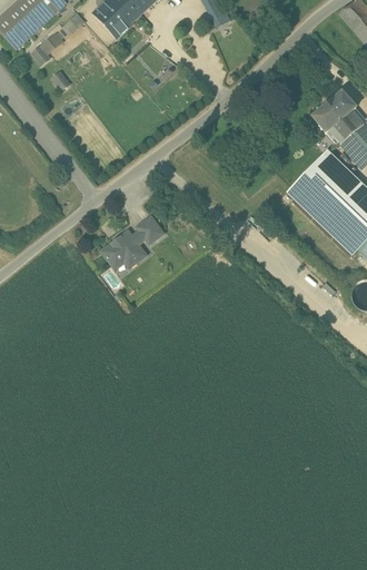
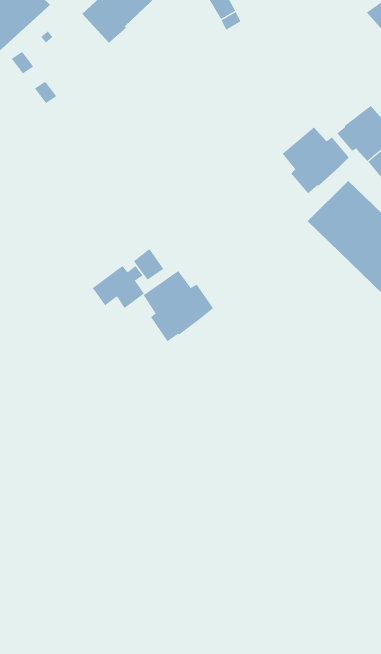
building: none -> [282,127,350,194]
building: none -> [143,270,214,342]

